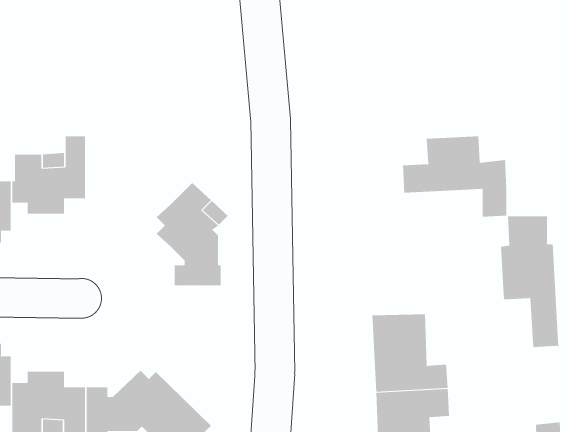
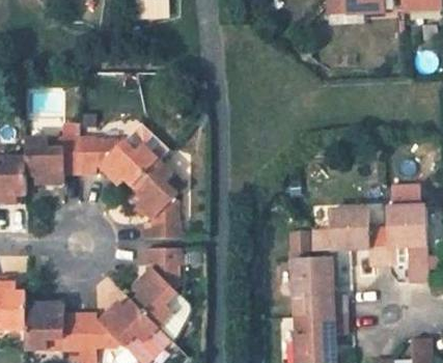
building: none -> [78,124,166,187]
building: [402,136,507,217] -> [309,208,387,269]
building: none -> [130,249,189,341]

